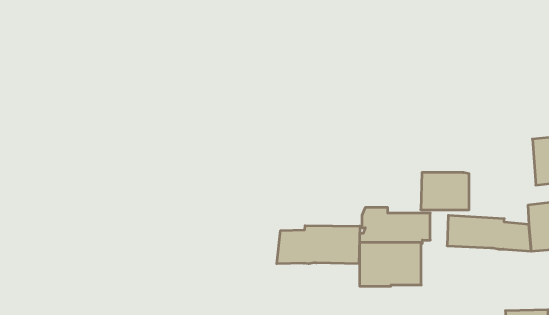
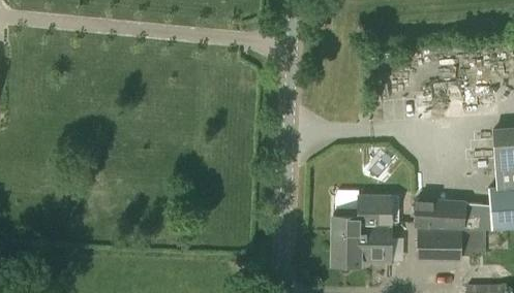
building: [421,173,469,210] -> [417,229,461,263]
building: [277,226,360,264] -> none

